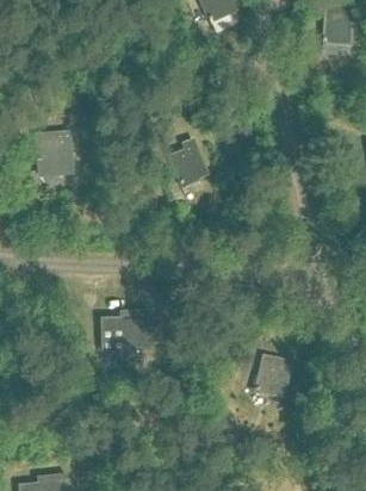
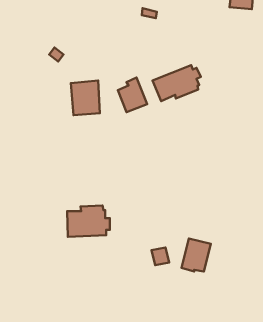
building: none -> [153,65,201,101]
building: [35,130,74,176] -> [71,80,100,115]

